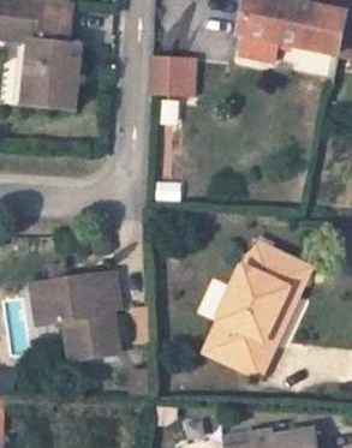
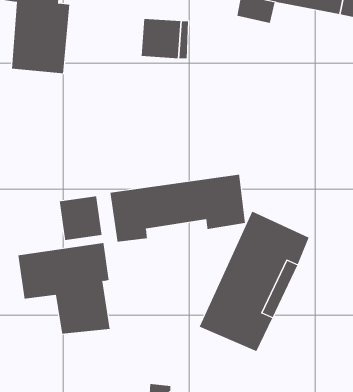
building: none -> [110,174,246,242]
building: none -> [59,196,102,241]

